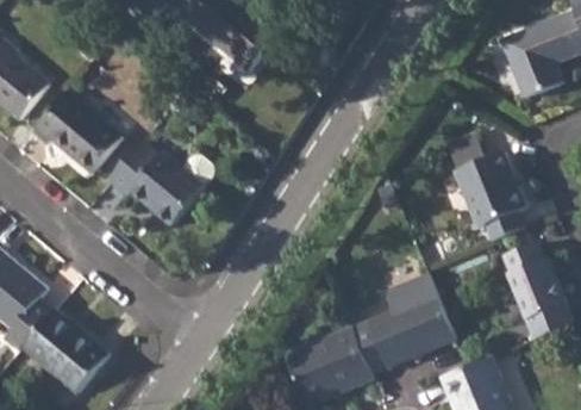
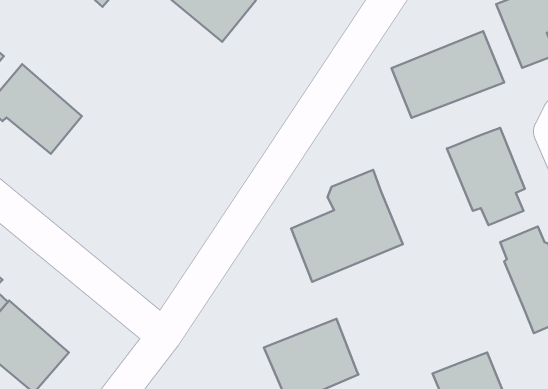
building: none -> [392,31,504,118]
building: [107,138,213,226] -> none
building: [354,272,456,374] -> [291,170,403,282]

